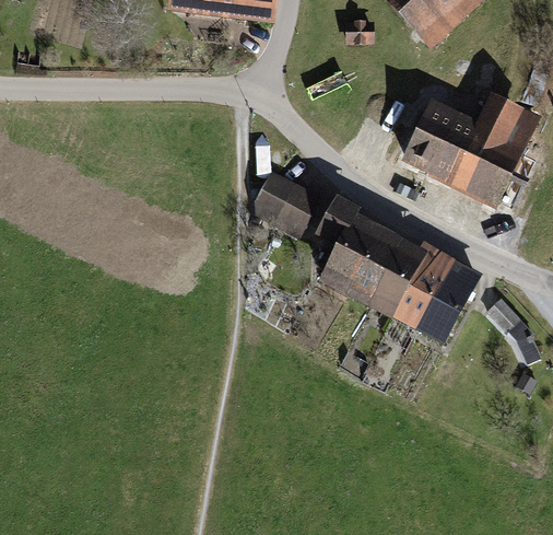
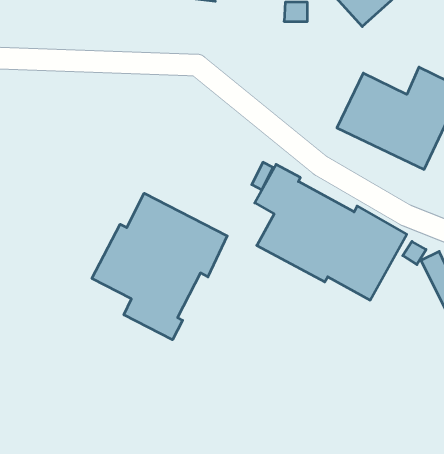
building: [250,170,317,233] -> none
building: none -> [92,193,227,340]

